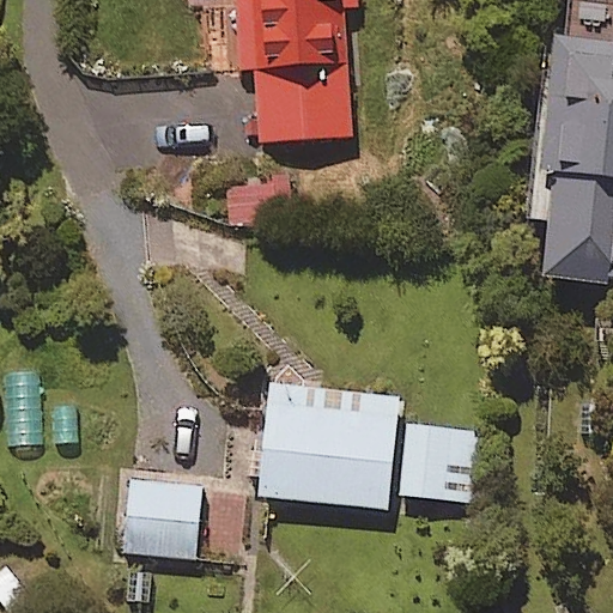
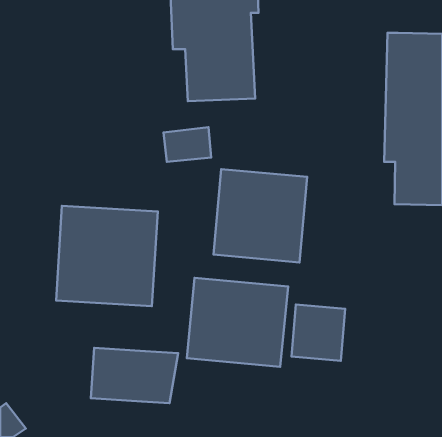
building: none -> [214,169,307,262]
building: none -> [56,206,158,306]

